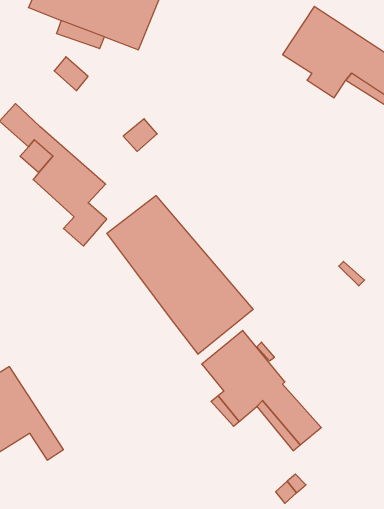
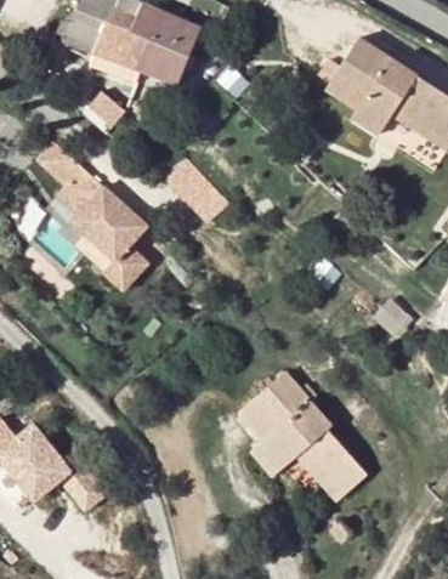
building: none -> [176,171,226,223]
building: [107,196,253,354] -> none

